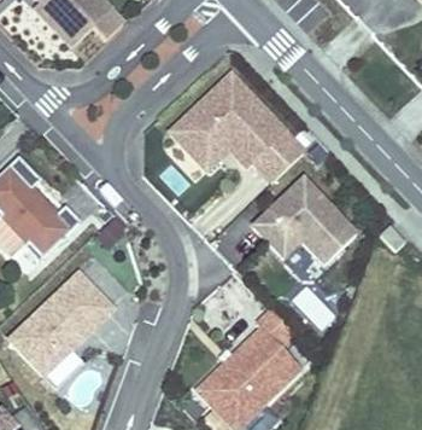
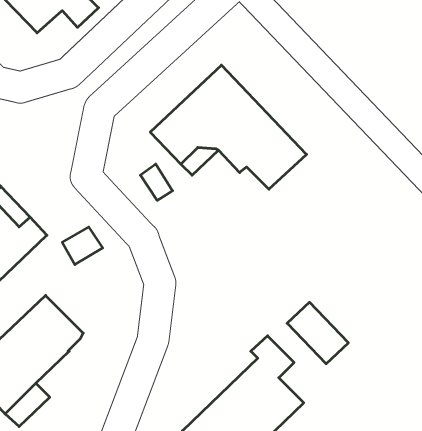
building: [253,176,357,263] -> none

